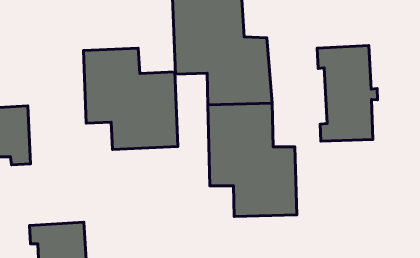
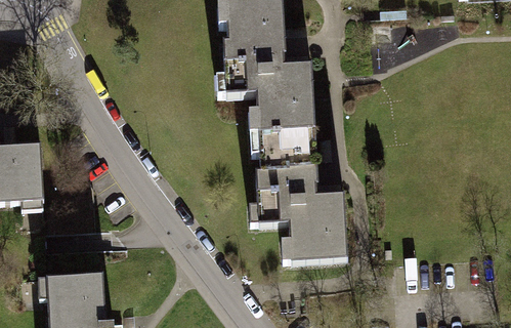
building: [317,46,377,141] -> none
building: [83,48,178,150] -> none

